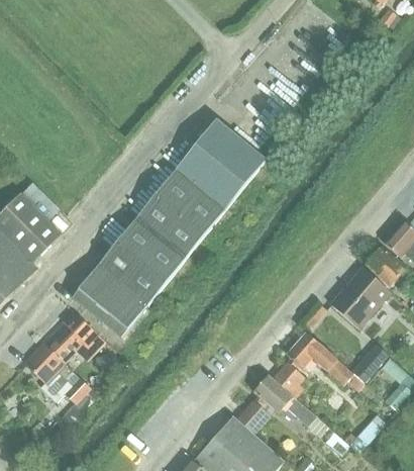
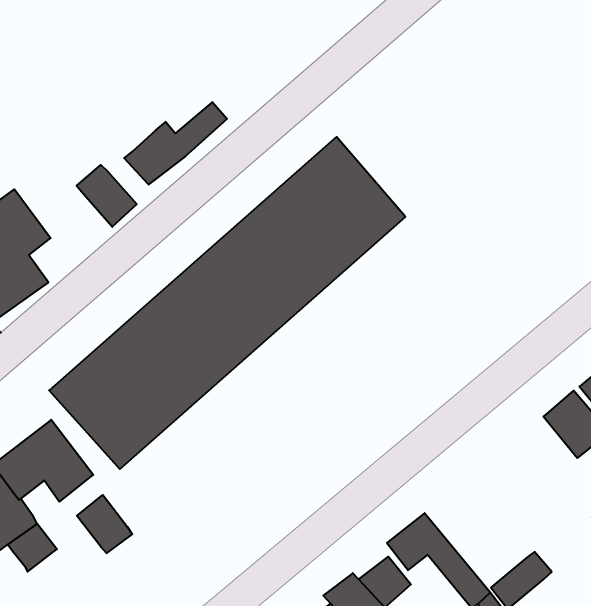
building: none -> [124,102,227,185]
building: none -> [77,165,137,227]
building: [330,267,390,327] -> none
building: none -> [77,495,132,553]

